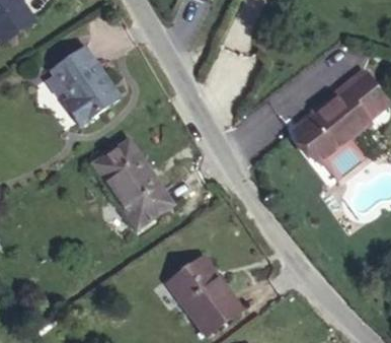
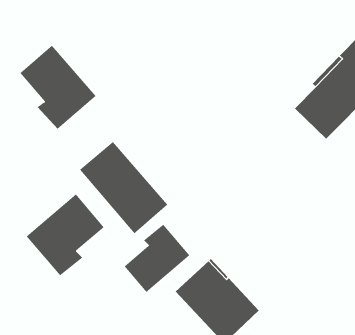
building: none -> [26,194,104,276]
building: none -> [124,224,190,293]

